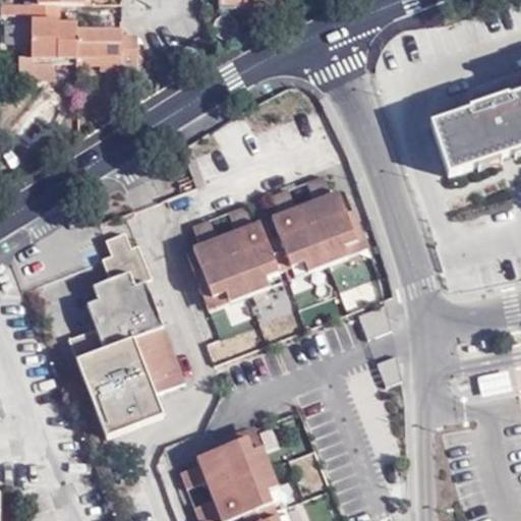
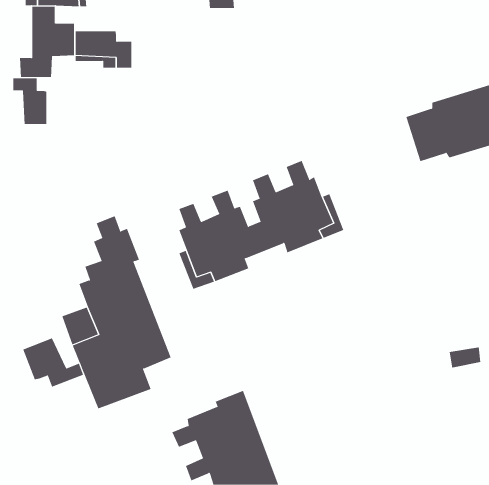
building: none -> [13,78,47,125]
building: none -> [22,338,84,388]

